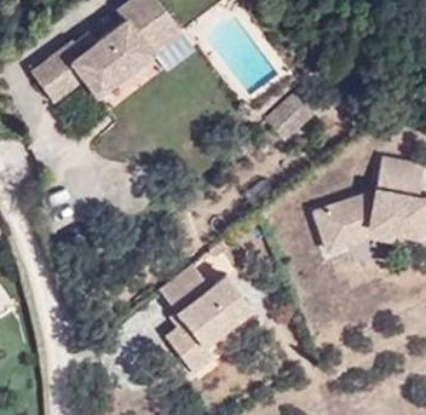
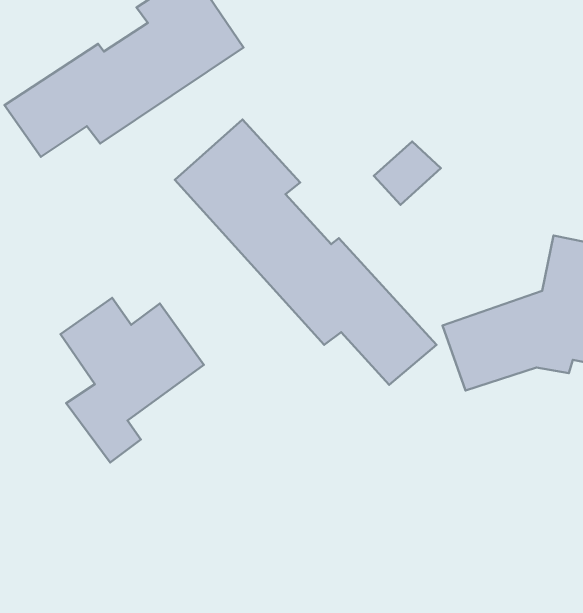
building: none -> [175,119,436,385]
building: [161,269,252,373] -> [60,298,204,463]

